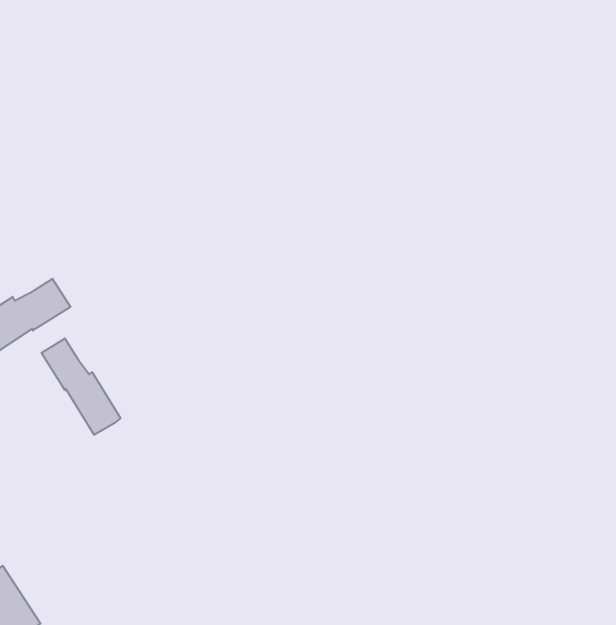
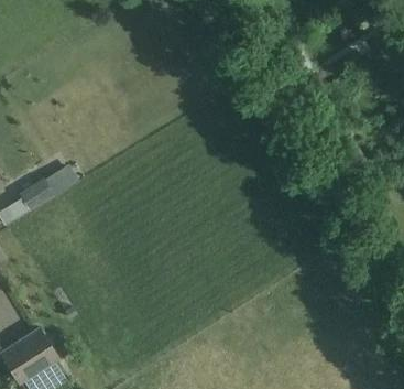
building: [42,338,120,435] -> none

